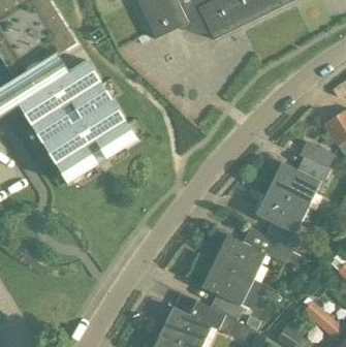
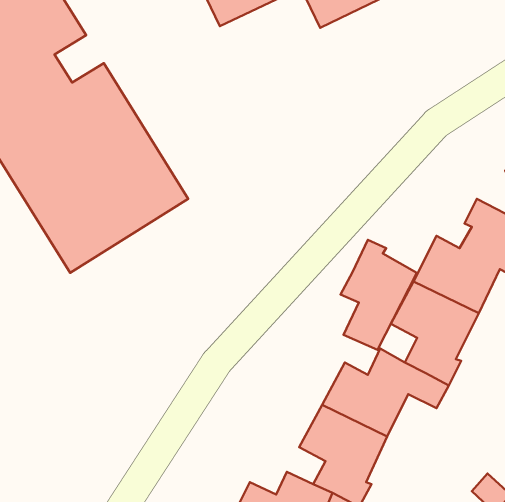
building: none -> [341,240,417,350]

